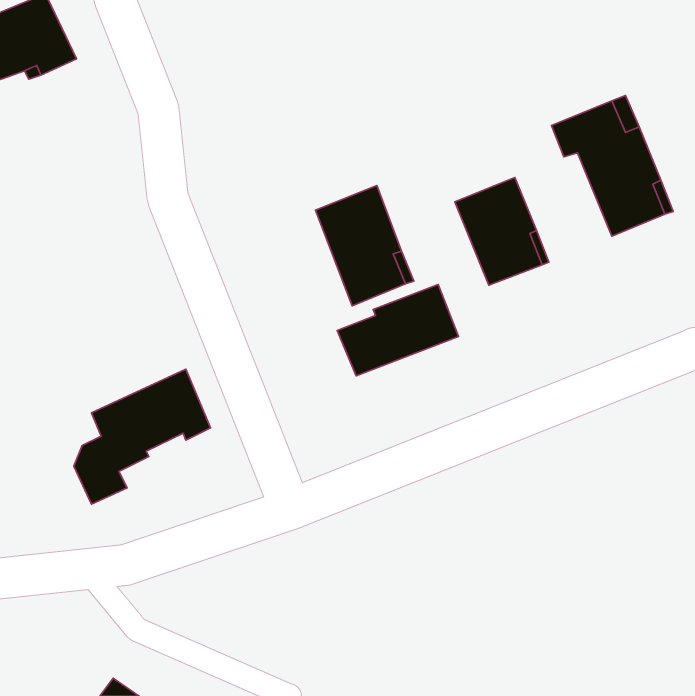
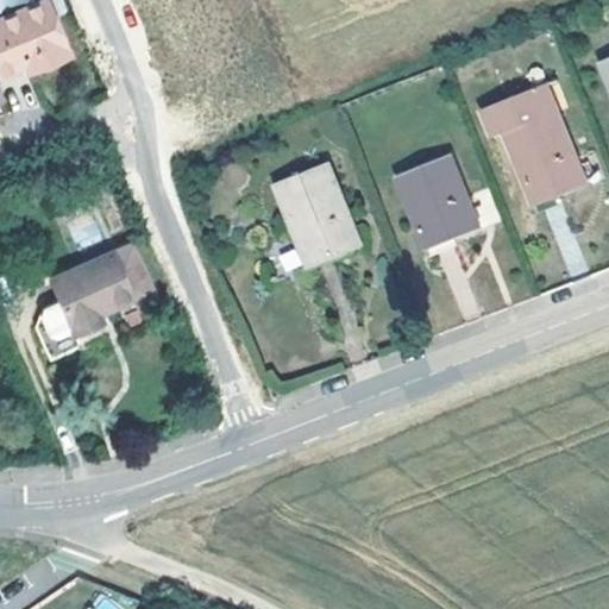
building: [337,285,458,376] -> none
building: [74,369,210,504] -> [33,241,152,359]

